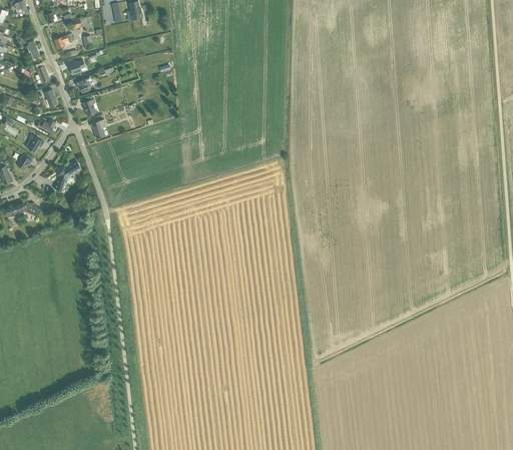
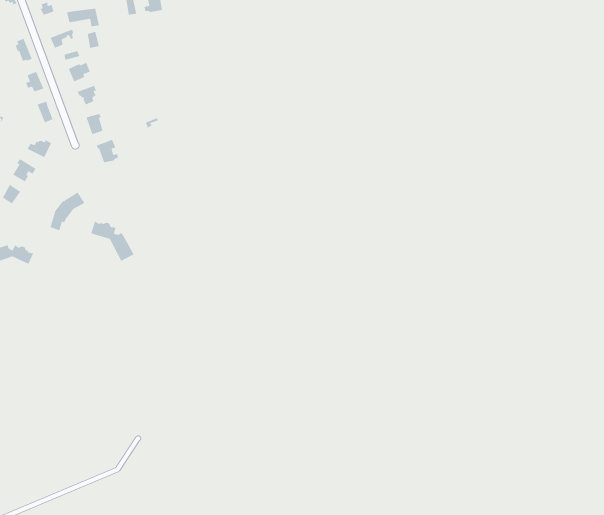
building: none -> [90,221,135,262]

